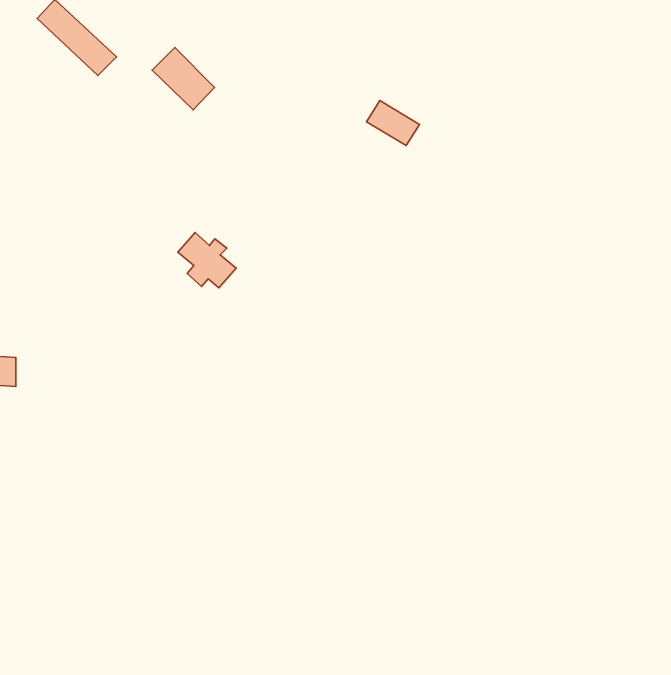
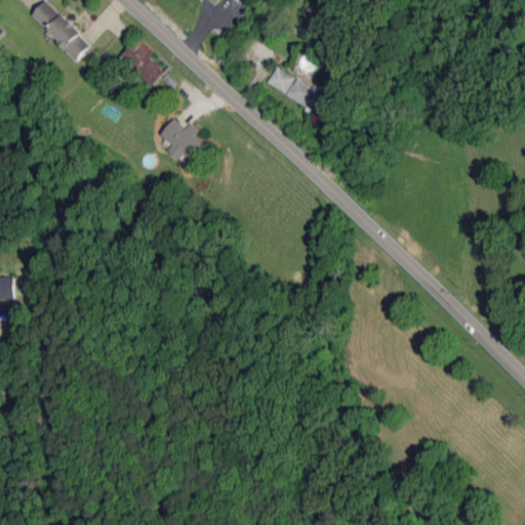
building: none -> [266,68,292,93]
building: [178,232,236,288] -> [158,119,203,162]

